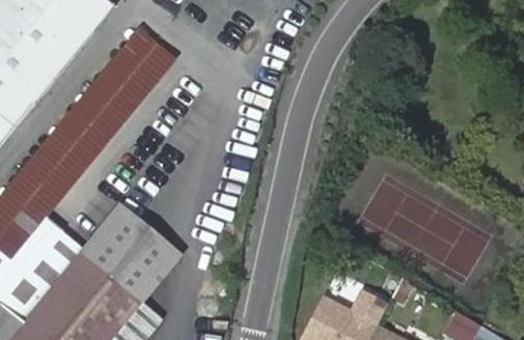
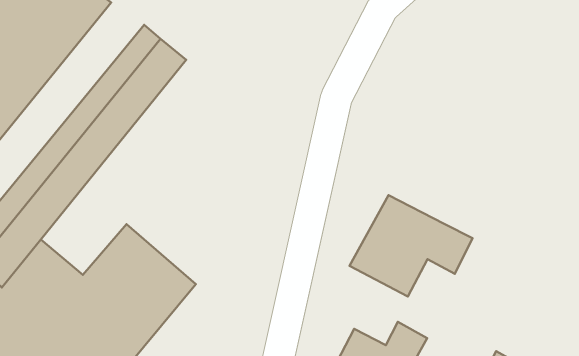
building: none -> [350,195,472,296]

